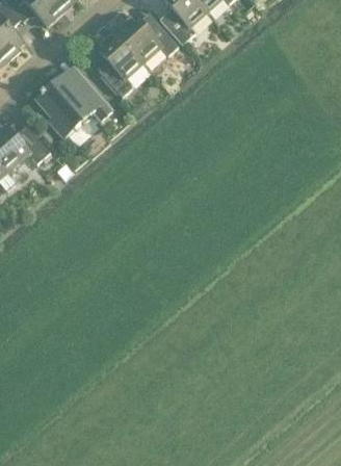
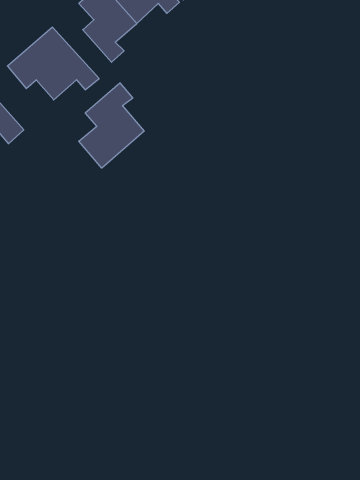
building: none -> [79,83,144,168]

